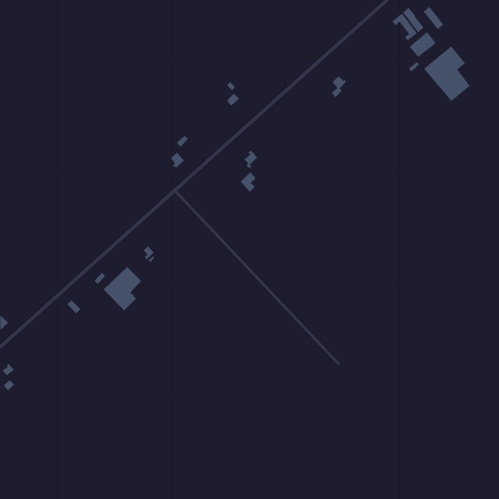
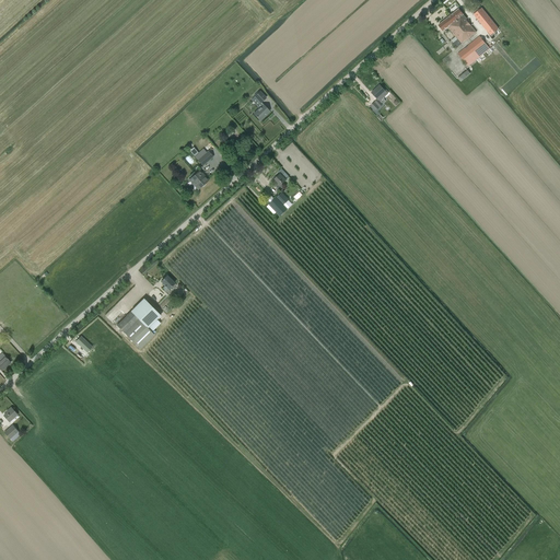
building: [423,46,471,102] -> none

